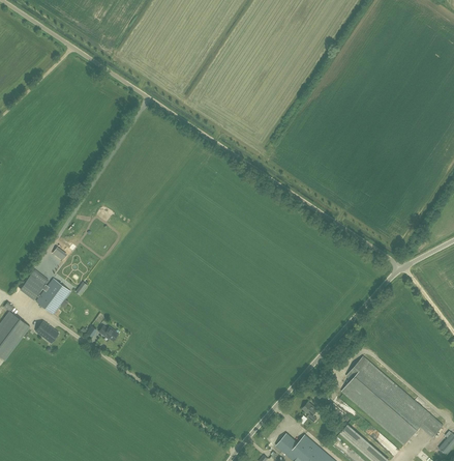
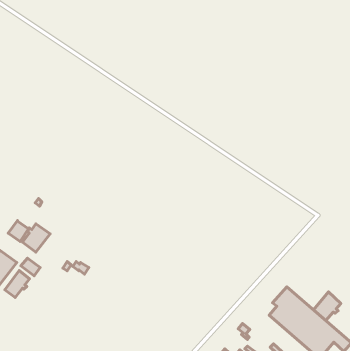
building: none -> [5,271,30,298]
building: none -> [313,292,341,321]

